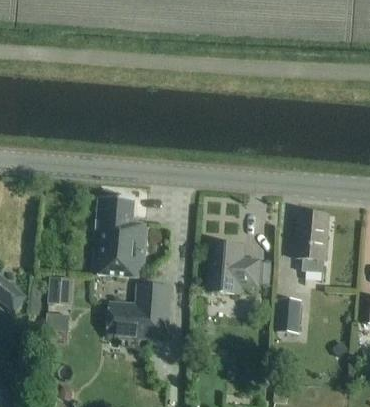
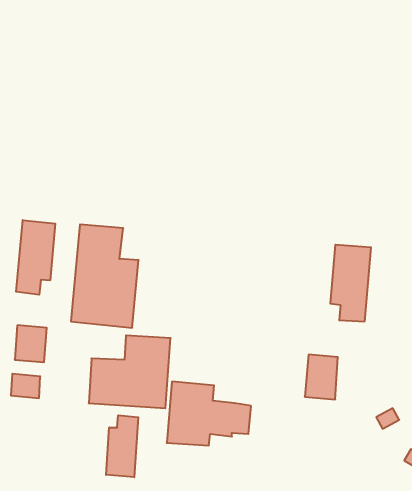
building: none -> [16,220,55,295]
building: [208,243,274,293] -> [167,382,251,445]
building: none -> [106,415,138,477]

